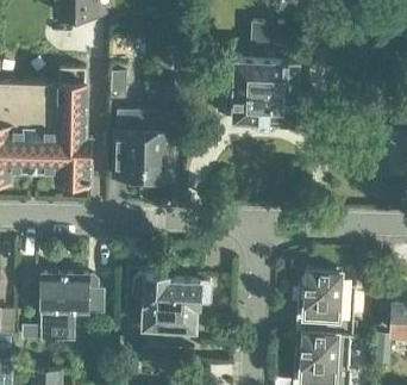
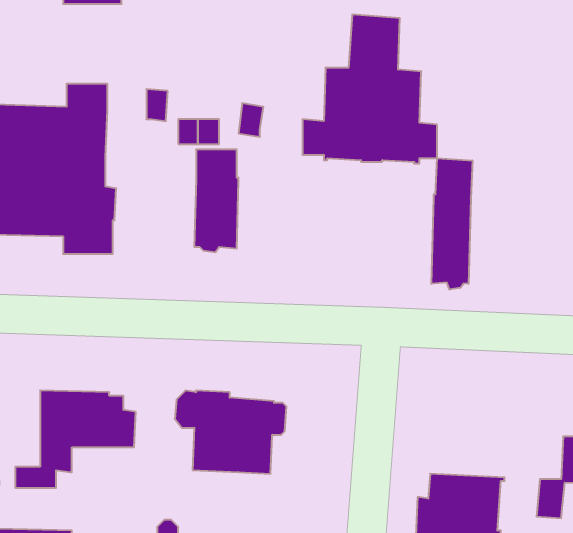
building: [114,113,145,182] -> none
building: none -> [431,158,472,290]
building: [296,272,355,335] -> none

